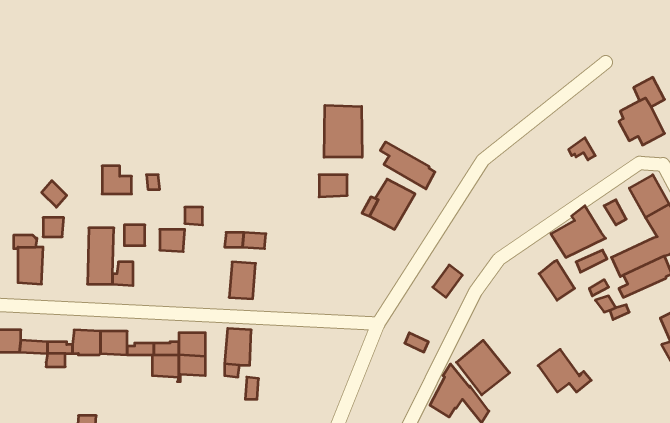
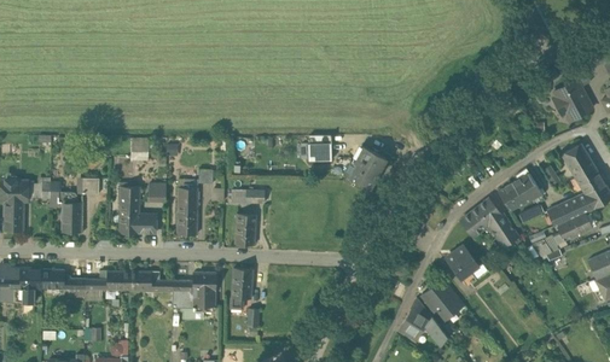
building: [324,105,362,157] -> none
building: [380,142,435,189] -> none
building: none -> [460,199,500,237]
building: none -> [176,205,197,234]
building: [538,349,591,392] -> [445,245,488,280]

